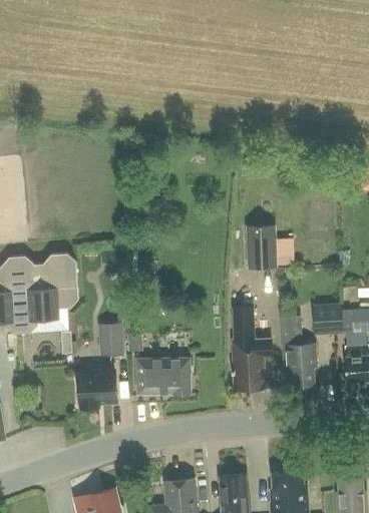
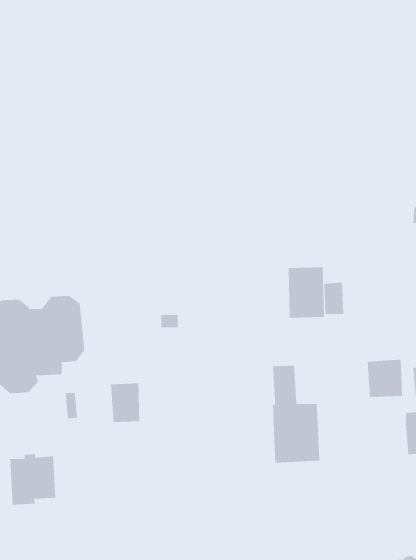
building: [280,309,317,390] -> none
building: [135,359,193,396] -> none
building: [78,366,117,409] -> [9,454,56,505]

